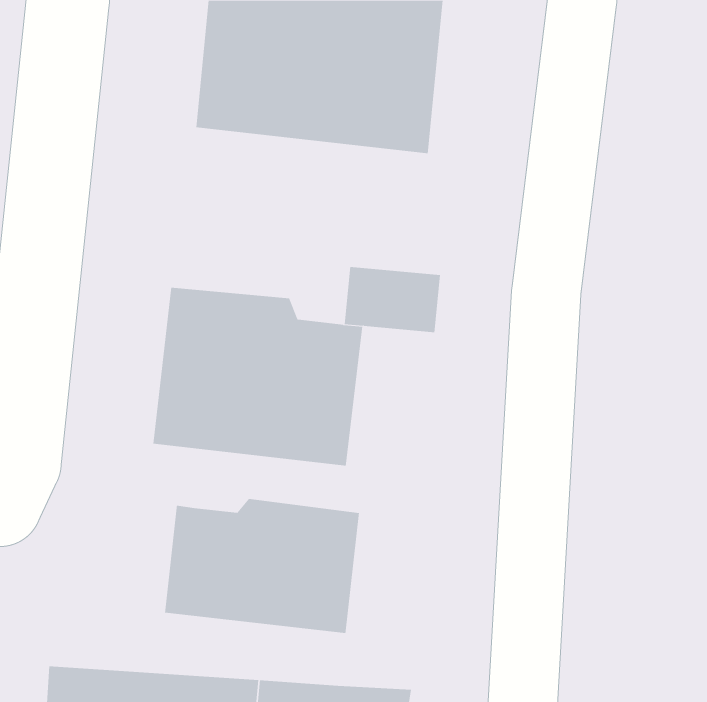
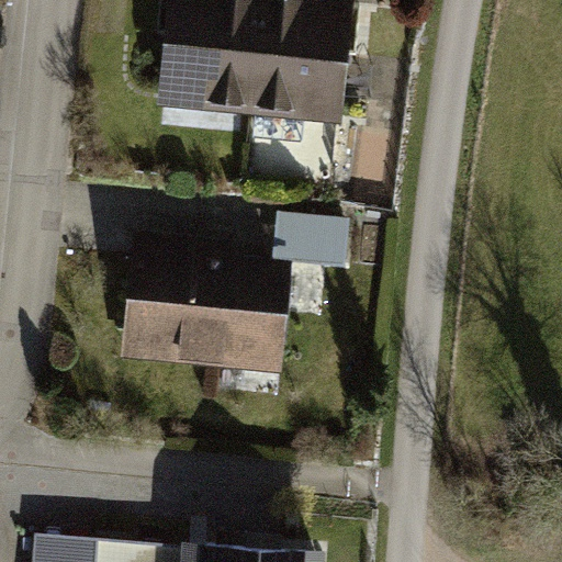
building: [165,498,359,634] -> none

